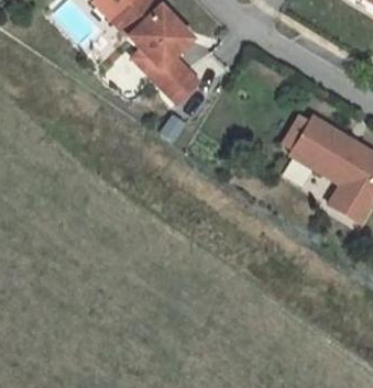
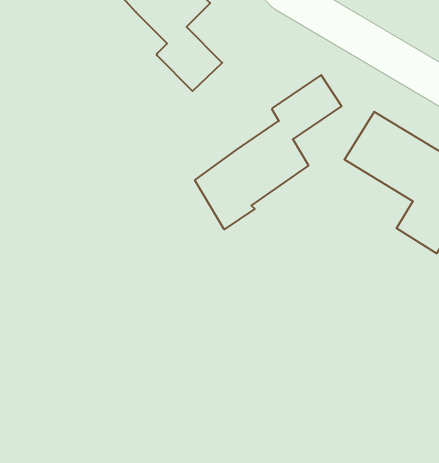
building: none -> [195,75,341,229]

